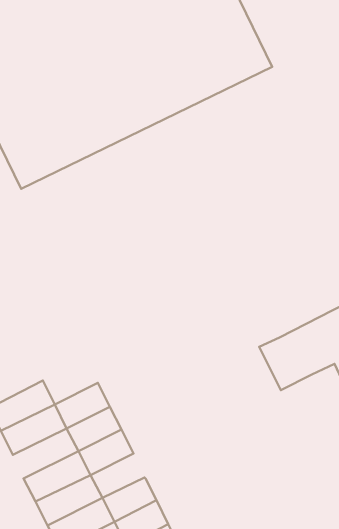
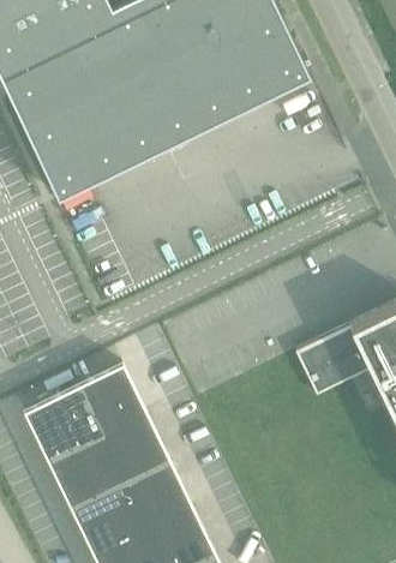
building: none -> [77,365,132,411]
building: none -> [47,435,113,485]
building: none -> [125,460,179,504]

